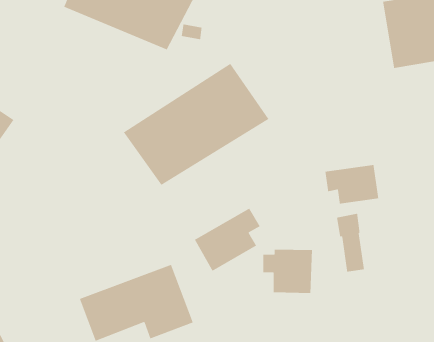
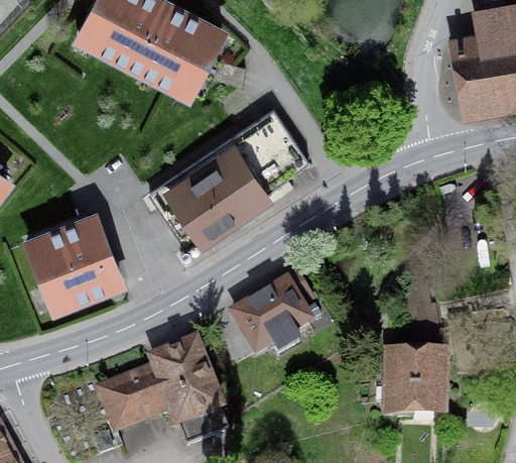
building: none -> [21,208,131,318]
building: [325,164,379,205] -> none
building: [263,249,313,294] -> [375,361,433,414]

